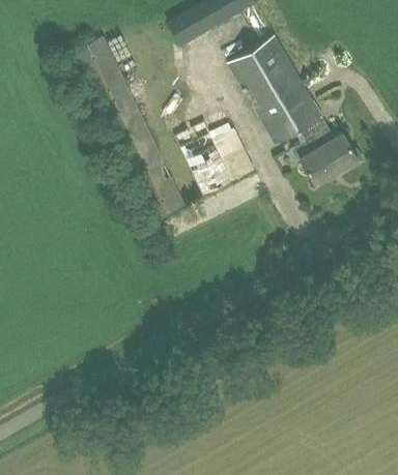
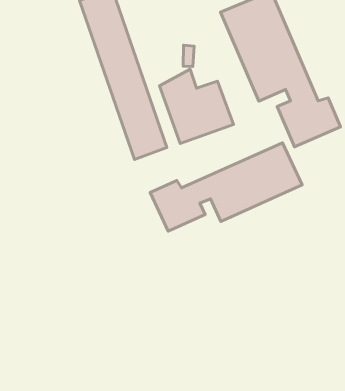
building: none -> [150,143,302,231]

